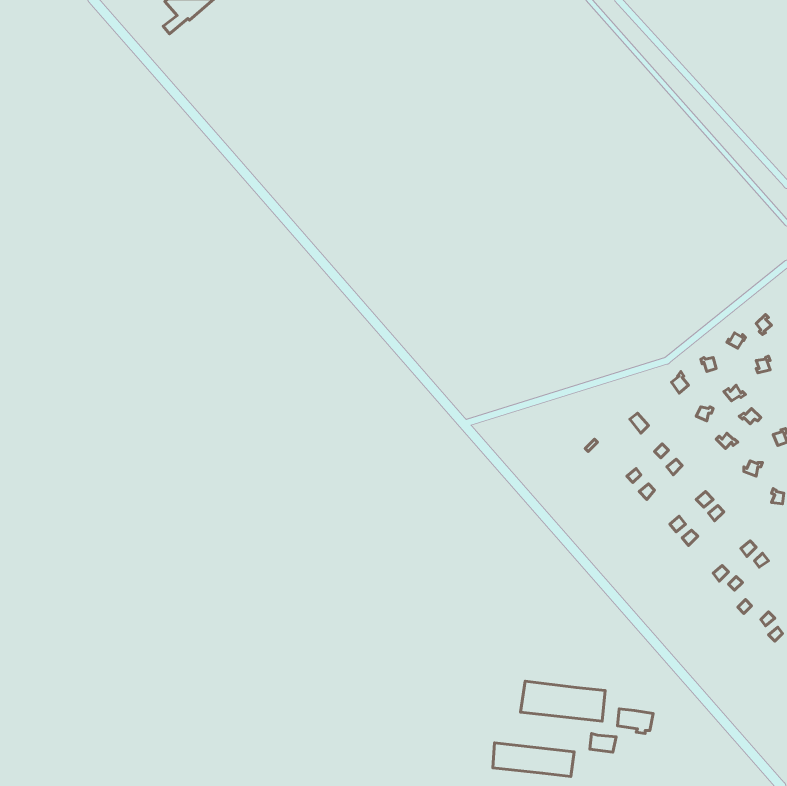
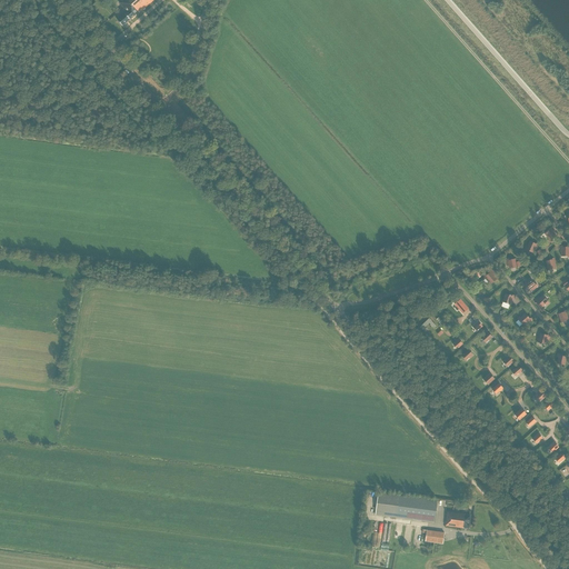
building: [493,743,574,777] -> none

